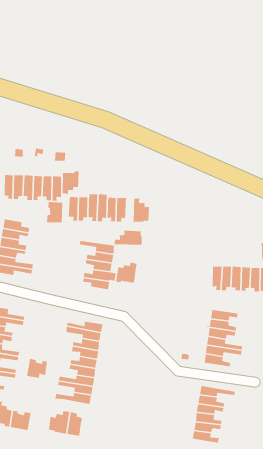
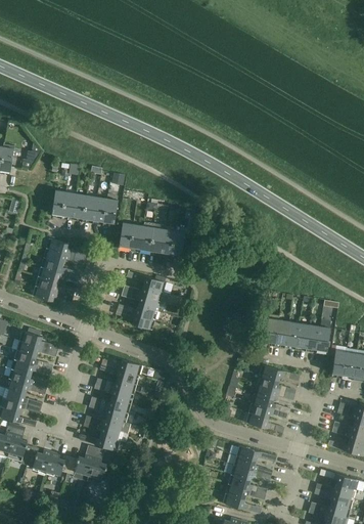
building: [62,171,79,194] -> none
building: [133,198,150,222] -> none
building: [46,201,63,223] -> none
building: [114,230,143,246] -> none
building: [115,262,138,283] -> none
building: [26,358,48,378] -> [45,451,71,475]

